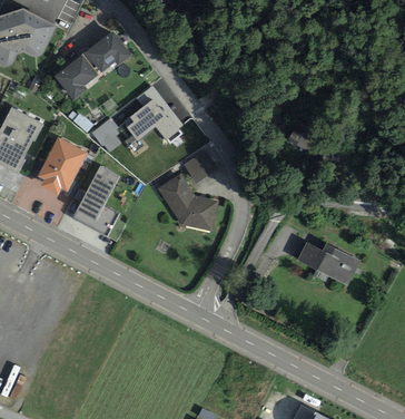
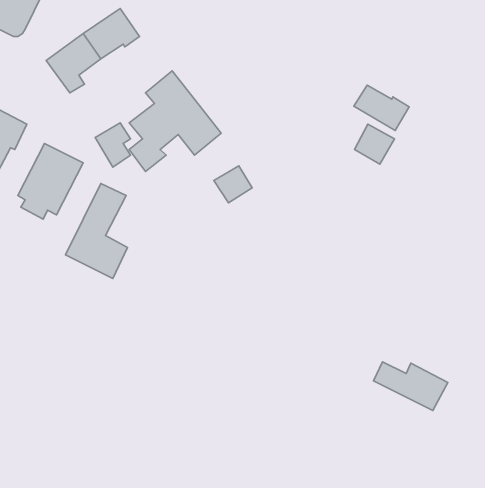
building: none -> [354,85,409,130]
building: [161,177,218,231] -> none
building: [303,247,358,284] -> [374,362,448,411]

